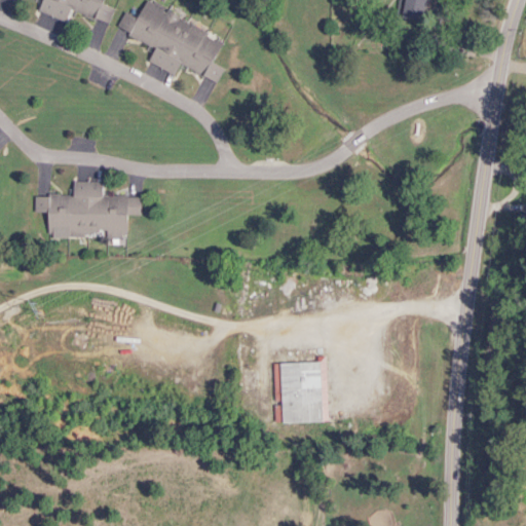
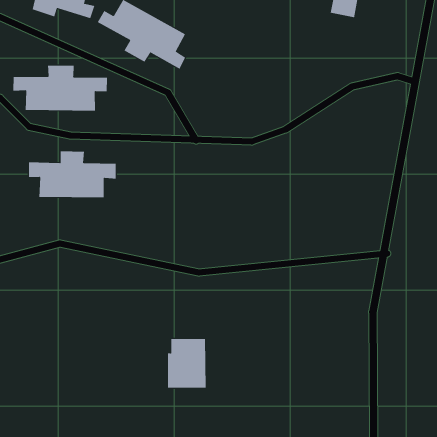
building: none -> [13,65,108,111]
building: [274,363,322,422] -> [167,338,207,388]

